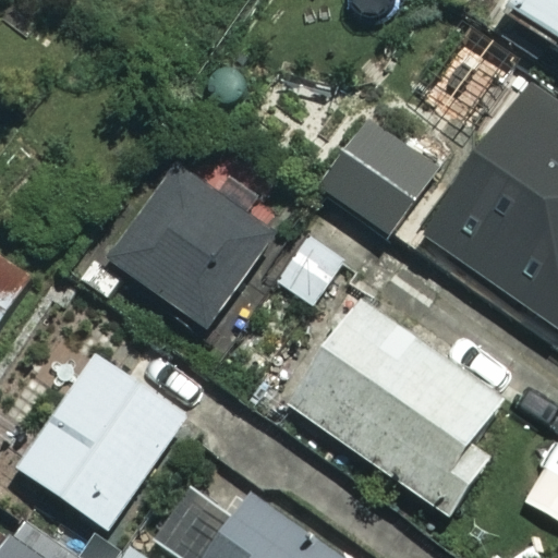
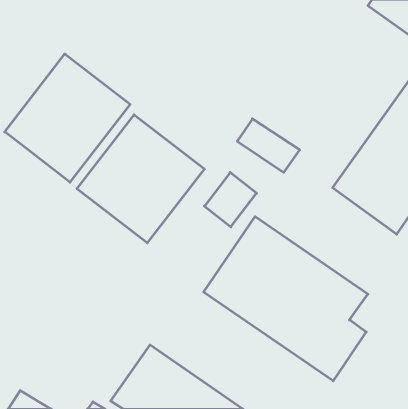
building: none -> [5,54,130,182]
building: [13,352,187,531] -> none

